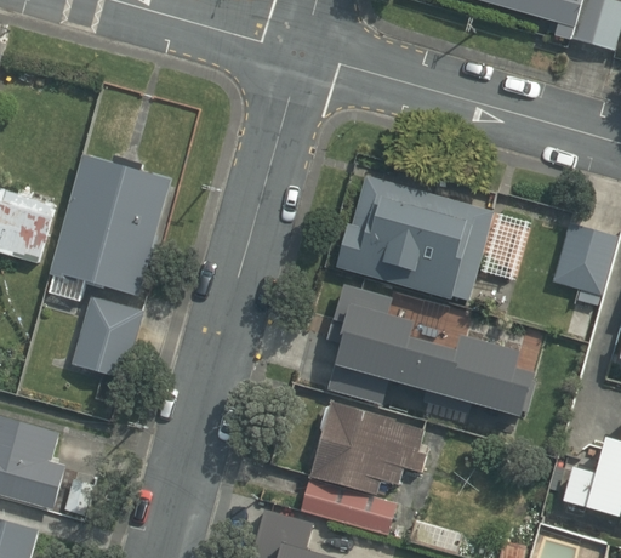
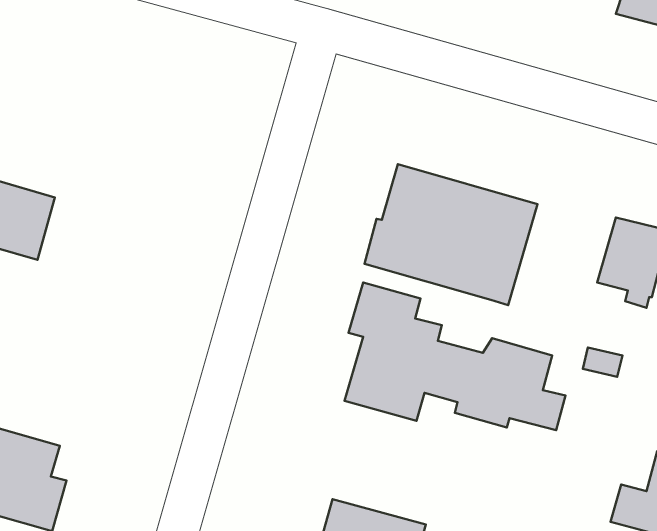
building: [50,155,172,300] -> none
building: [74,296,144,378] -> none
building: [310,398,425,495] -> none

